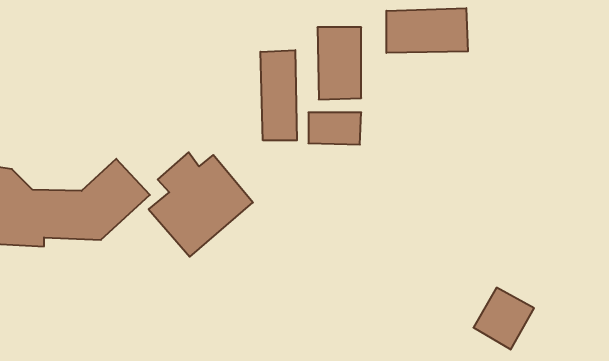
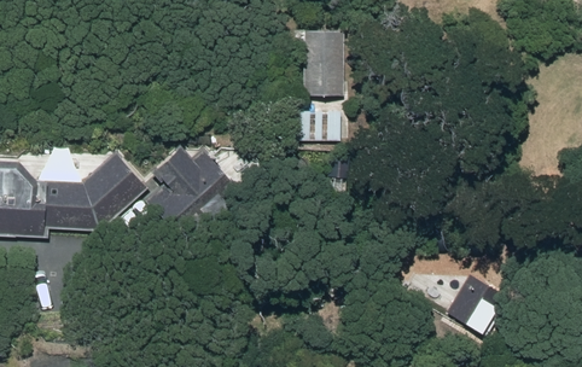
building: [386,8,468,53] -> none
building: [260,50,297,140] -> none

